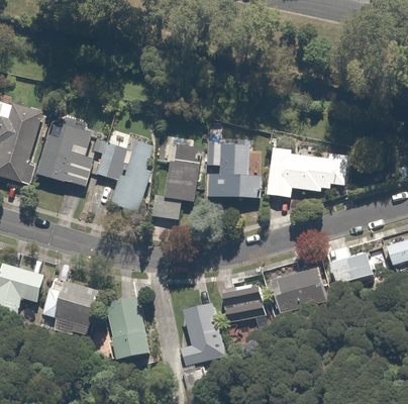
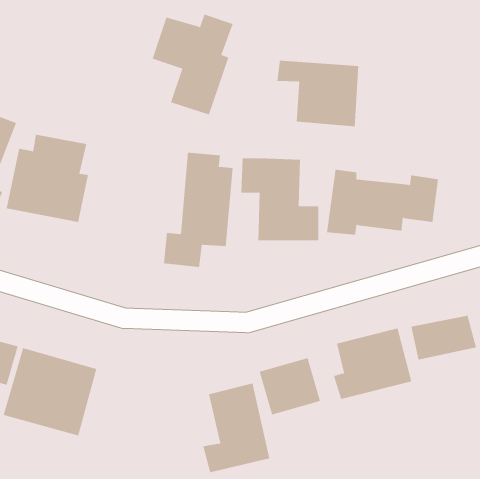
building: none -> [277,60,359,127]
building: [97,139,156,212] -> [152,14,233,115]
building: [105,299,150,360] -> none

